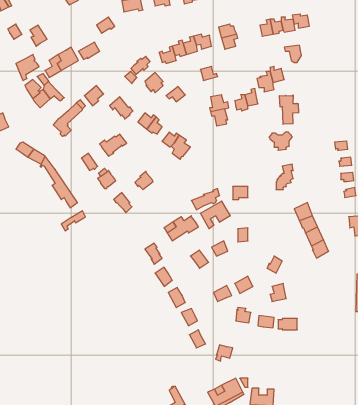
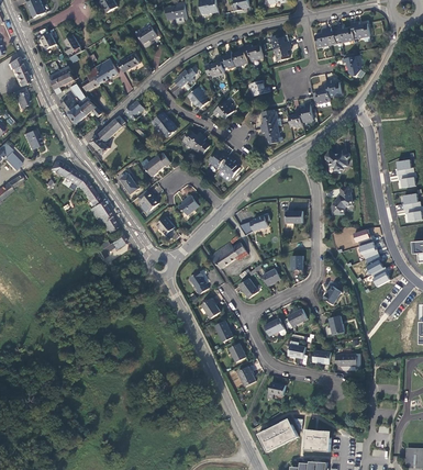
building: [279,95,299,124] -> none
building: [201,201,230,229] -> none

